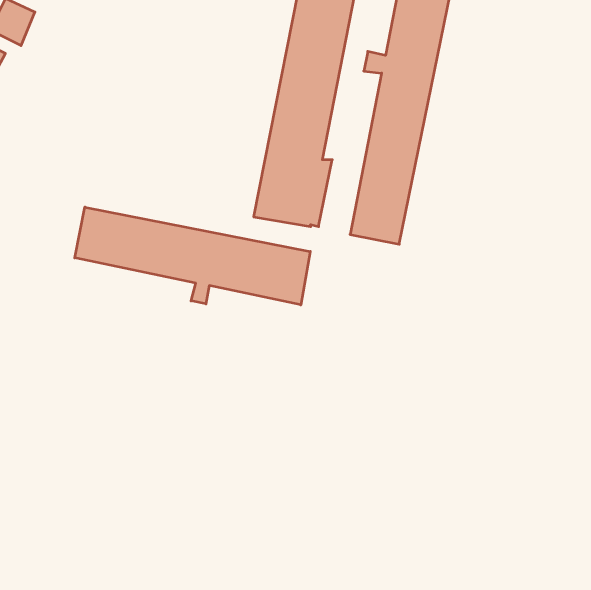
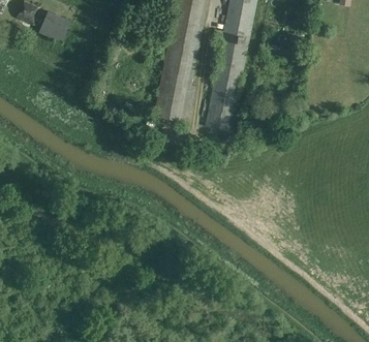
building: none -> [37,11,68,41]
building: [75,207,310,305] -> none

